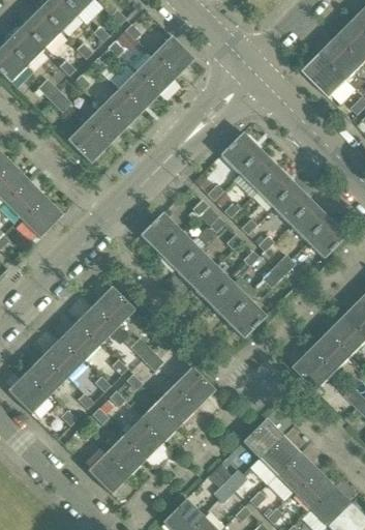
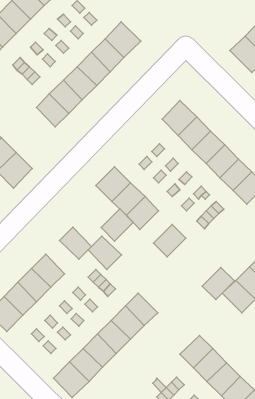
building: [192,266,232,305] -> [101,209,133,241]
building: [225,299,265,338] -> [202,267,235,300]
building: [78,302,118,343] -> [88,236,121,269]

